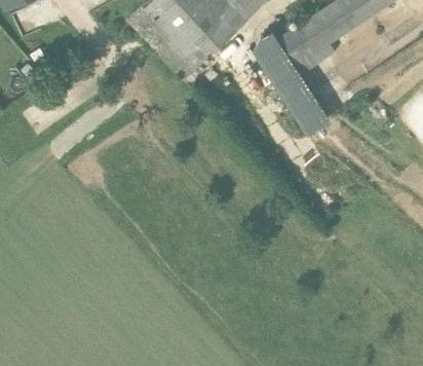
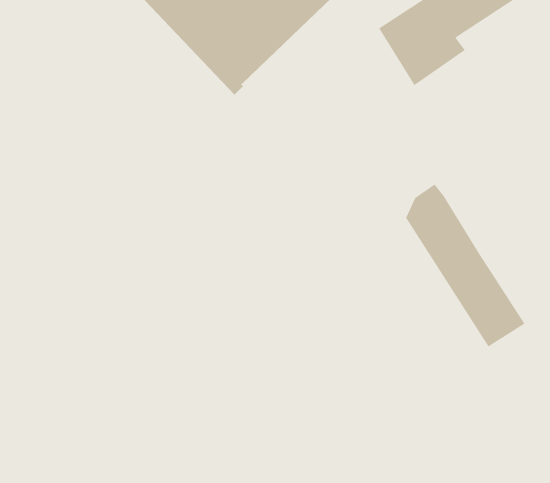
building: [253,29,332,137] -> [405,183,526,347]

